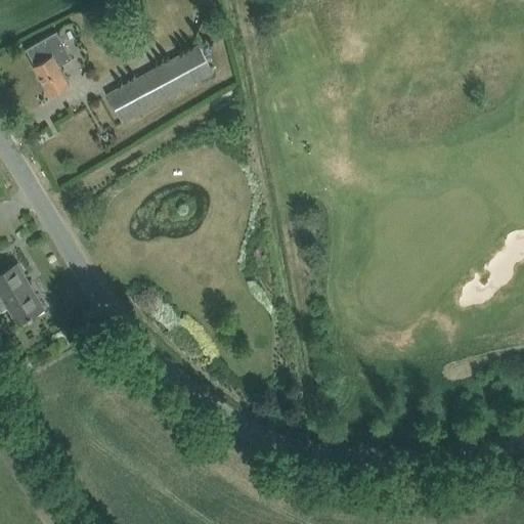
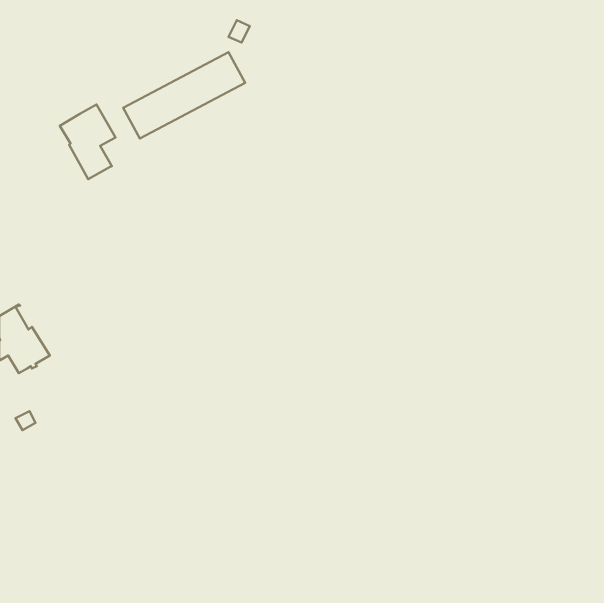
building: [25,32,73,96] -> [60,104,115,179]

